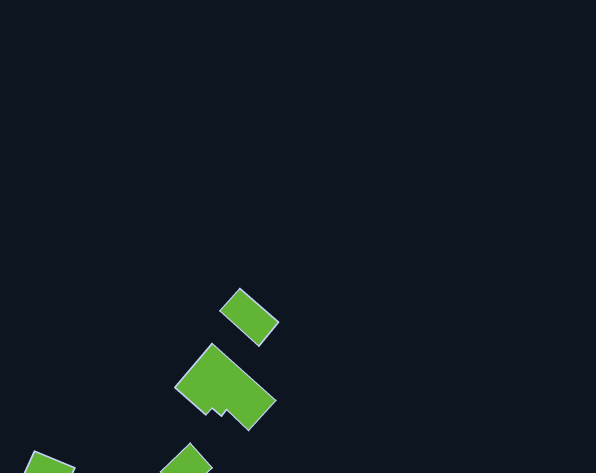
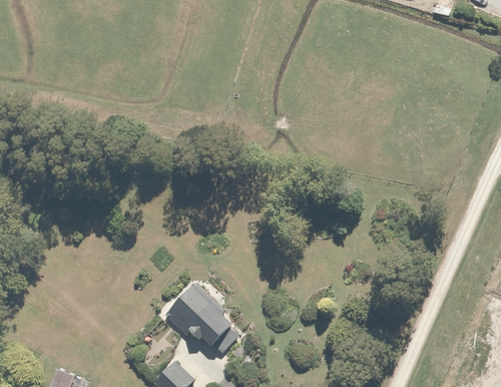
building: [220,288,279,346] -> none

